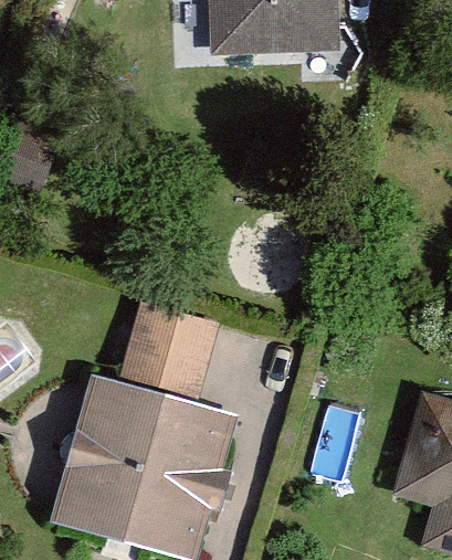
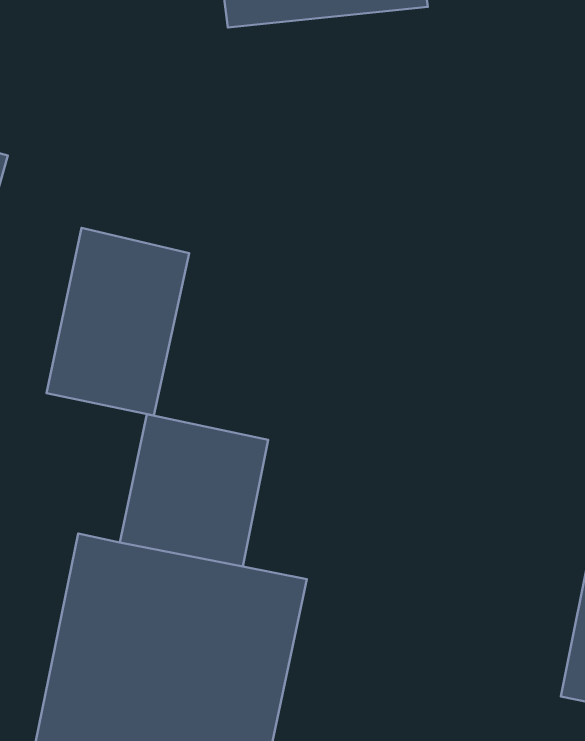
building: none -> [47,228,189,416]

